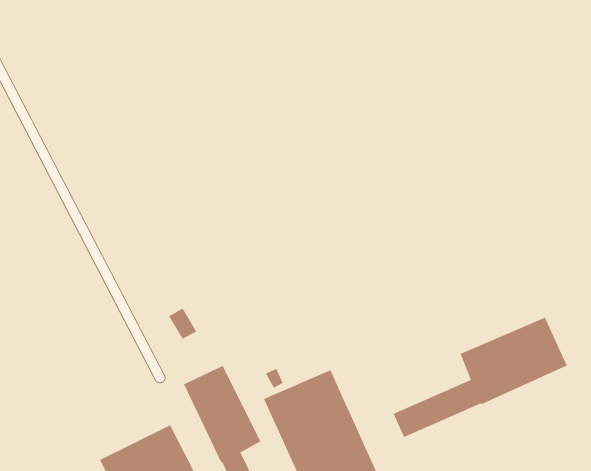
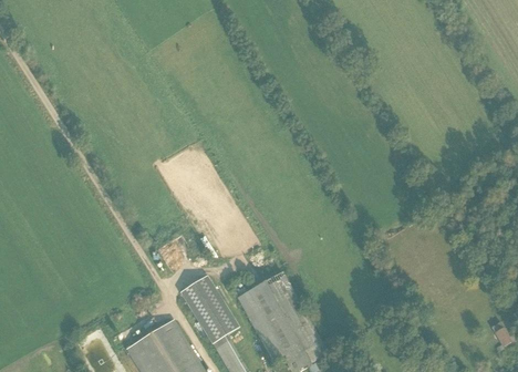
building: [393,317,567,438] -> none

